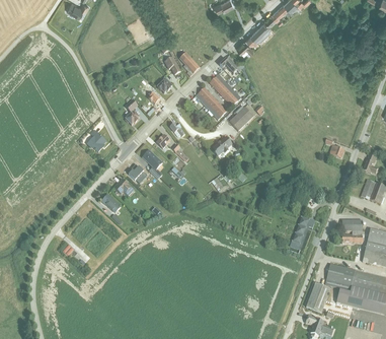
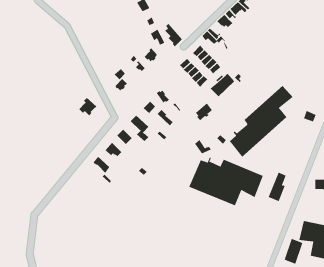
building: none -> [229,85,294,157]
building: none -> [188,157,263,206]

